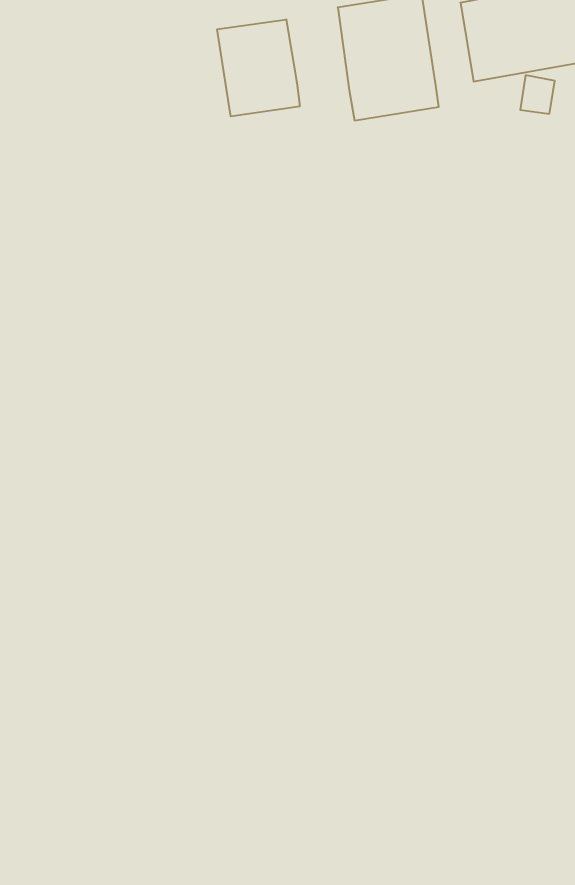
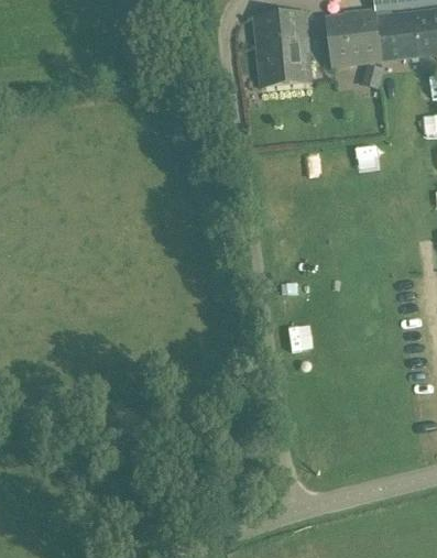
building: [217,19,300,116] -> none

